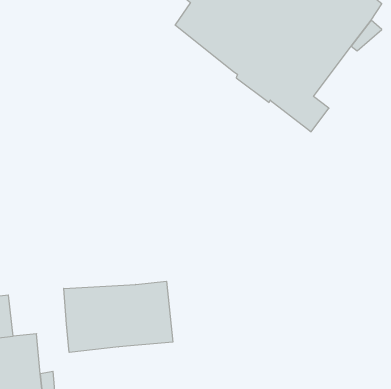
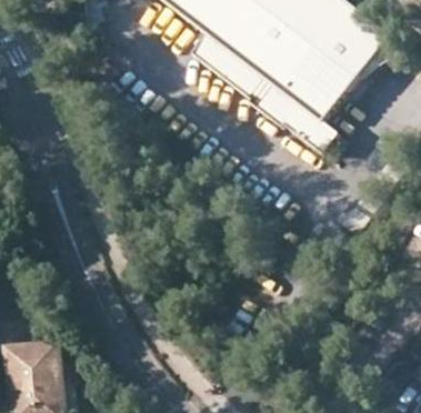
building: [64,281,173,352] -> none

